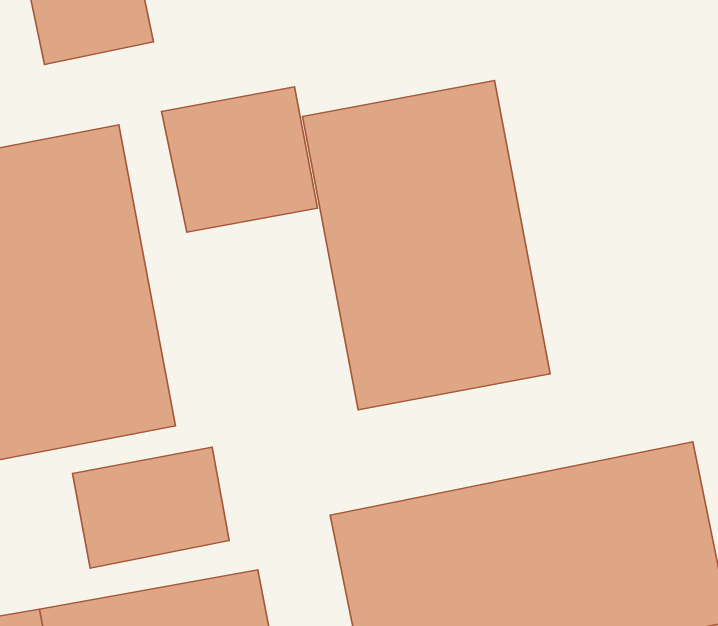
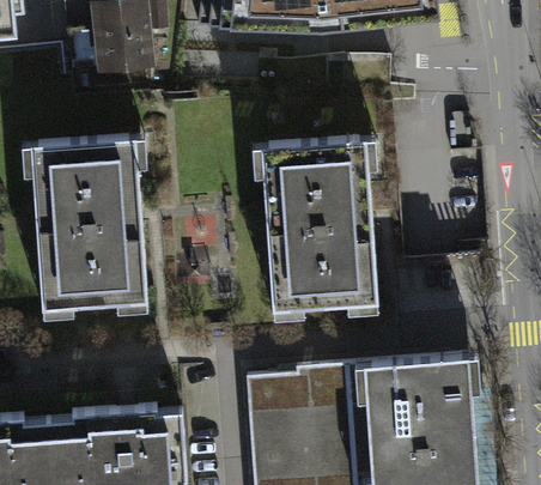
building: [162,87,317,232] -> none
building: [73,447,229,568] -> none

